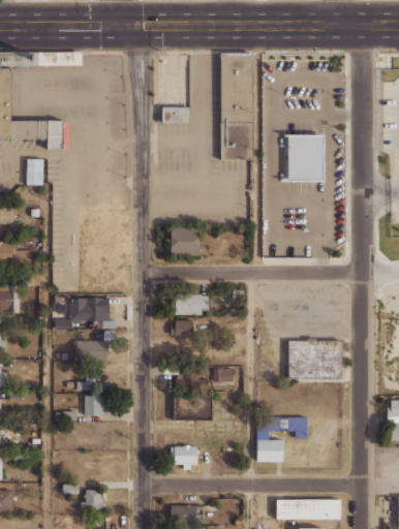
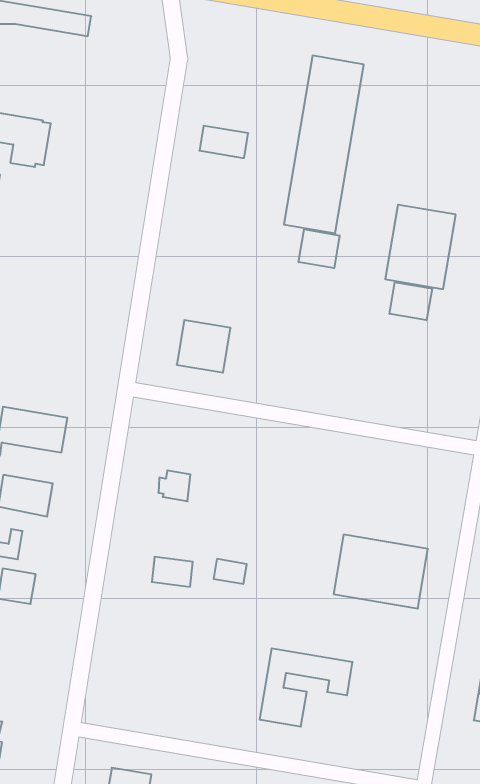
building: none -> [299,229,340,268]
building: none -> [390,282,432,320]
building: [176,294,204,315] -> none
building: [175,396,213,421] -> none
building: [171,446,198,470] -> none

